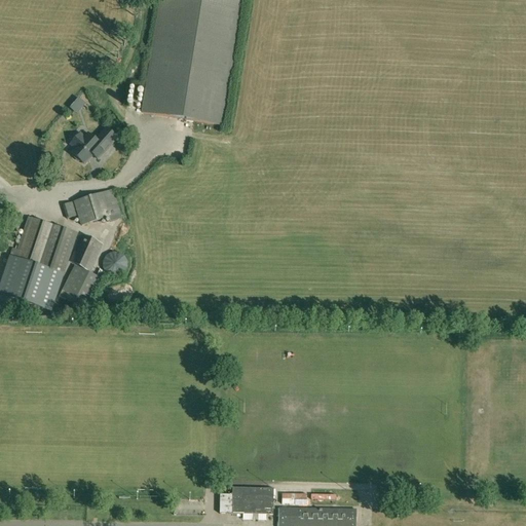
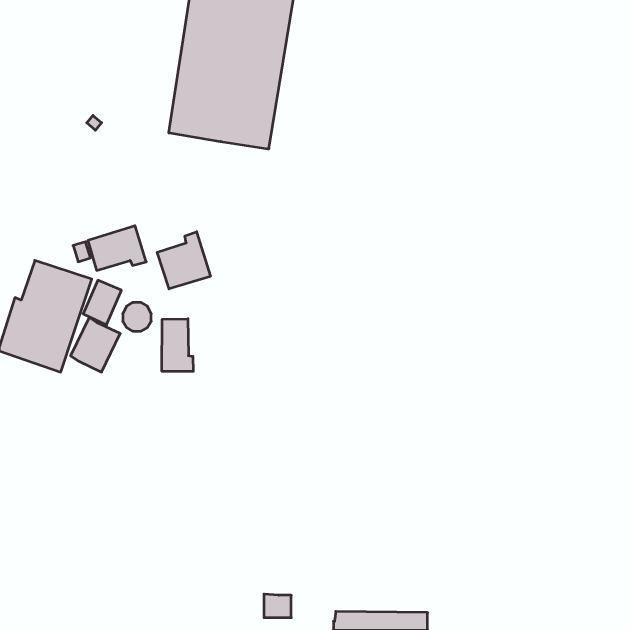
building: [68,127,117,163] -> none
building: none -> [157,232,210,289]
building: none -> [162,319,193,371]
building: [231,486,272,517] -> none

